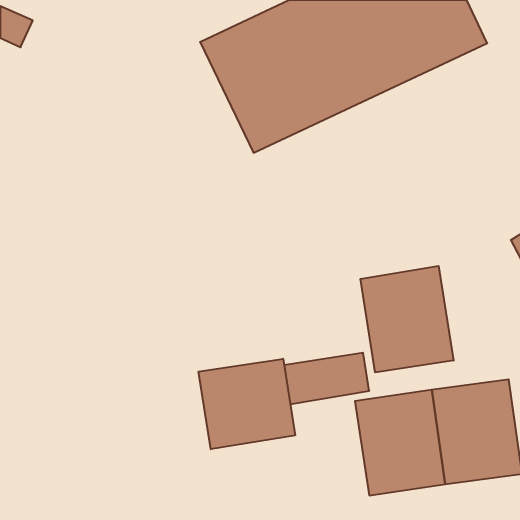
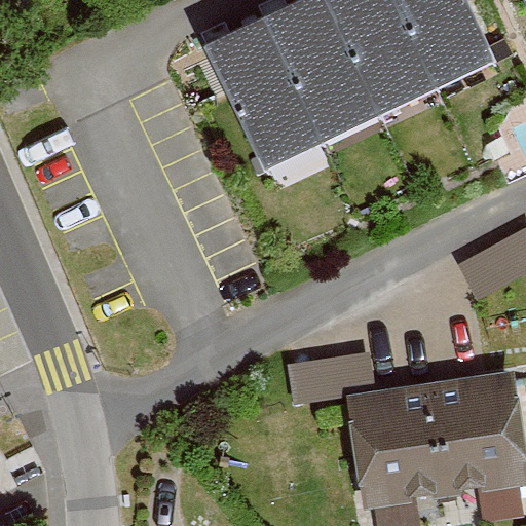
building: [360,266,454,372] -> none
building: [199,359,295,449] -> none

